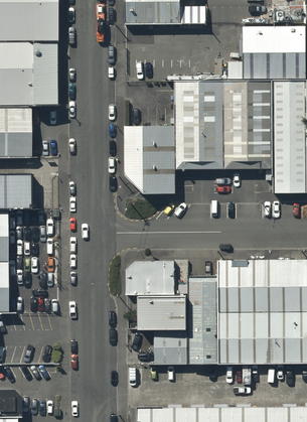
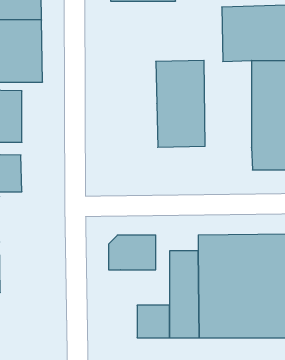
building: [222,81,271,169] -> none
building: [124,125,175,191] -> none
building: [137,294,187,330] -> none

